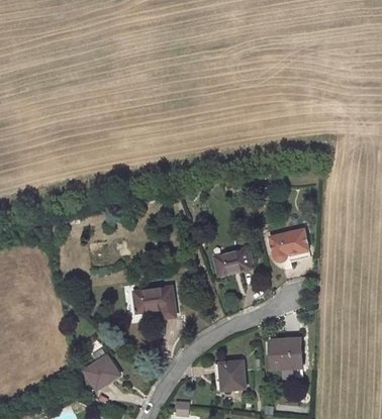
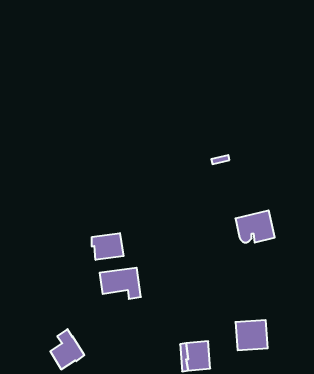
building: [214,249,250,275] -> none
building: none -> [92,233,124,260]

